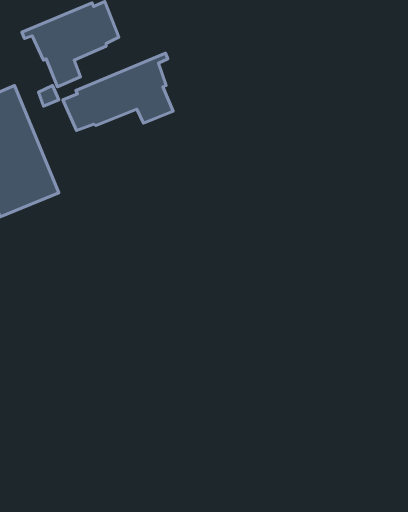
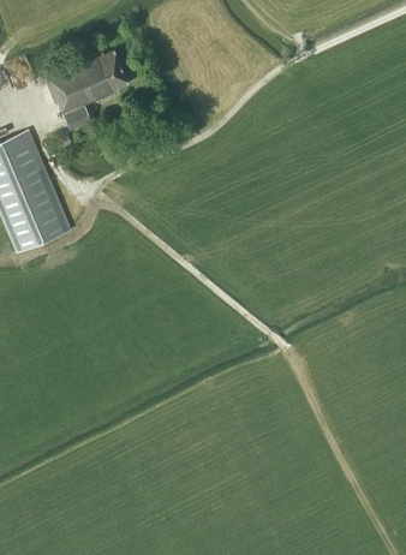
building: [63,53,173,130] -> none

